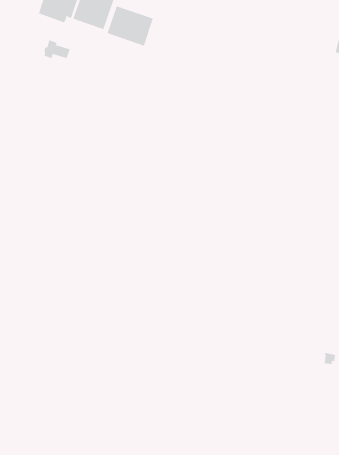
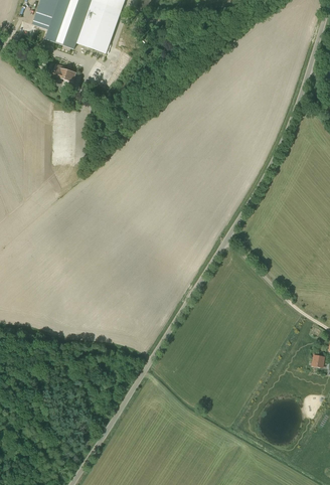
building: [107,5,154,46] -> none

